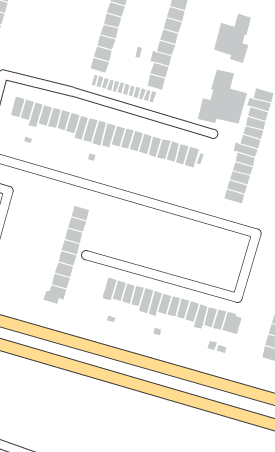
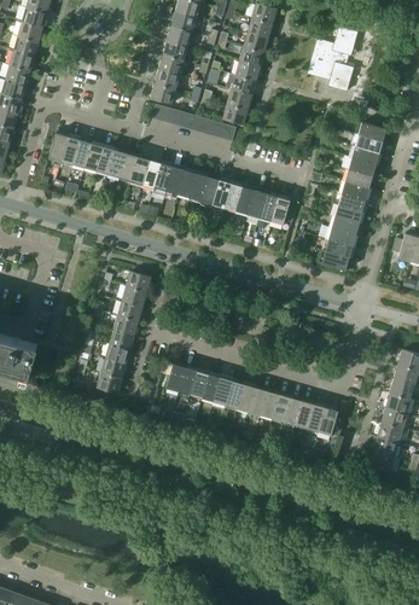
building: [197,69,248,124] -> none

